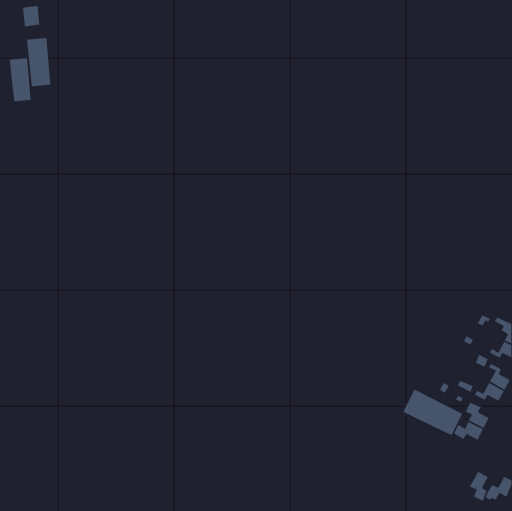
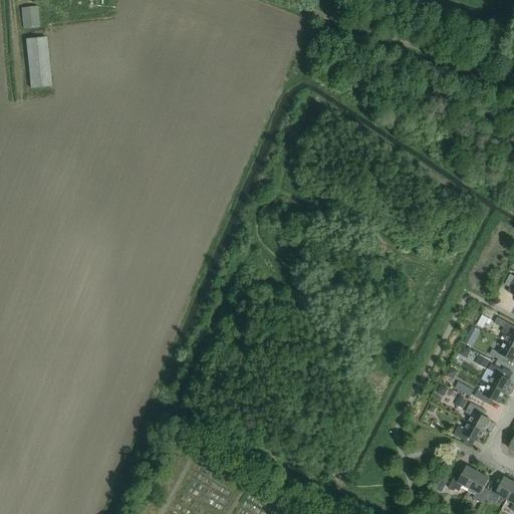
building: [9,57,32,102] -> none
building: [402,389,463,436] -> none
building: none -> [449,466,479,490]

